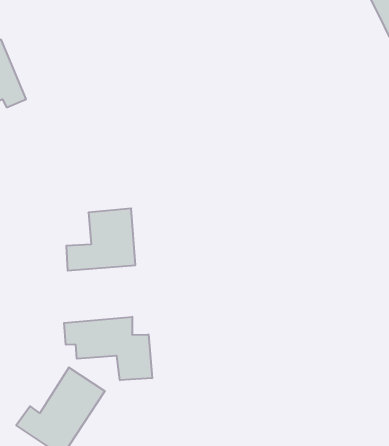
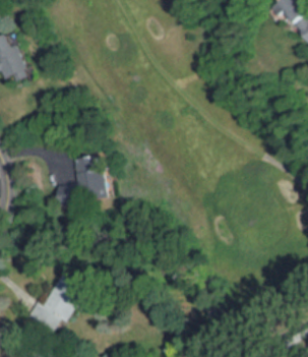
building: [64,317,152,380] -> none

